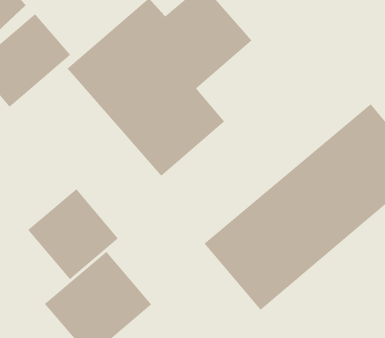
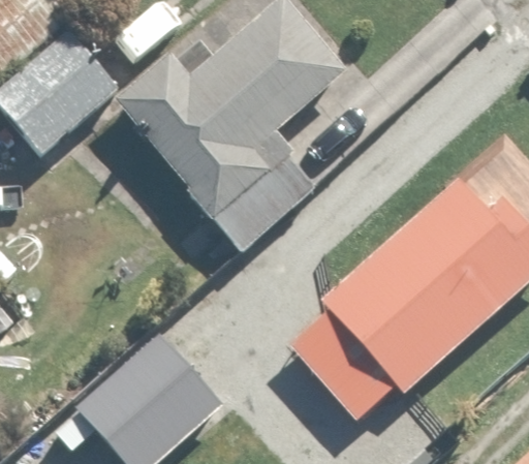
building: [27,188,119,280] -> none

